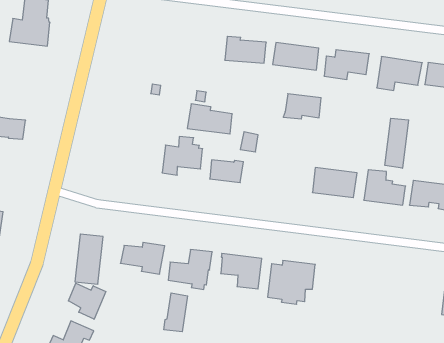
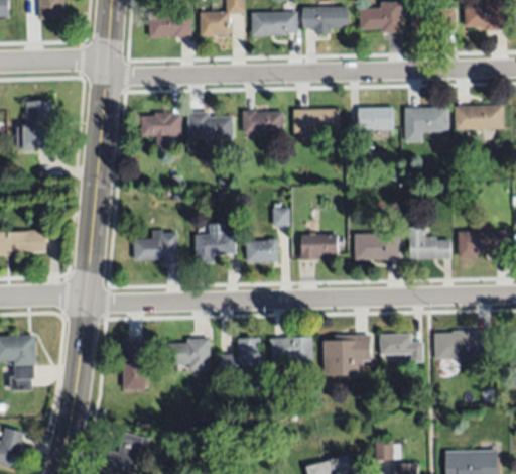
building: none -> [142,112,180,148]
building: [283,94,321,119] -> [300,234,338,260]
building: [187,104,232,134] -> [188,112,234,138]
building: [385,118,409,168] -> none
building: none -> [135,231,177,264]
building: none -> [379,333,422,362]
building: none -> [433,329,495,362]
building: [68,283,106,319] -> none
building: [164,293,188,332] -> none

